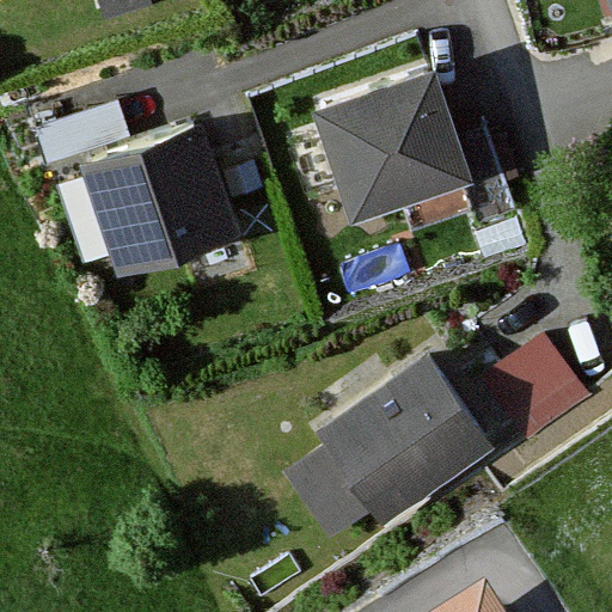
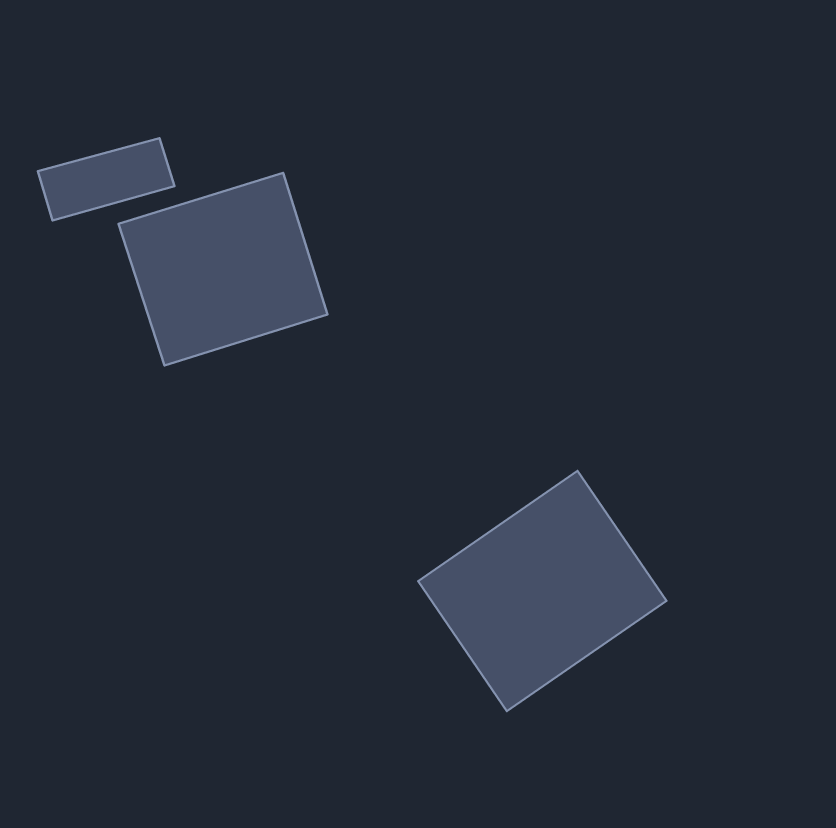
building: [322,85,469,225] -> none
building: [479,322,592,437] -> none

